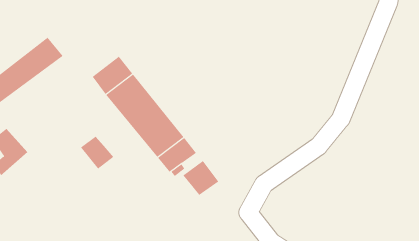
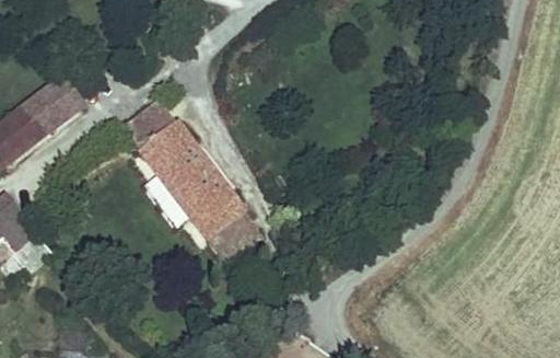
building: [80,136,114,169] -> none
building: [183,160,219,196] -> none

